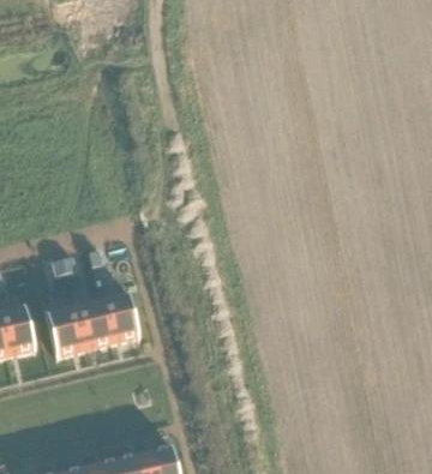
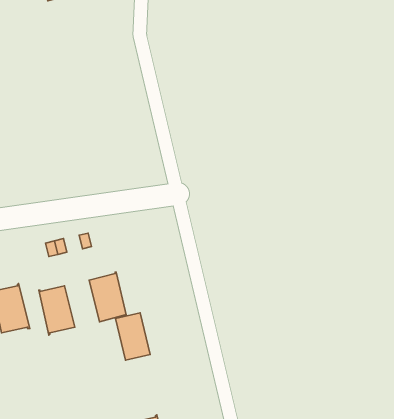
building: [72,304,109,354] -> [115,313,150,360]

